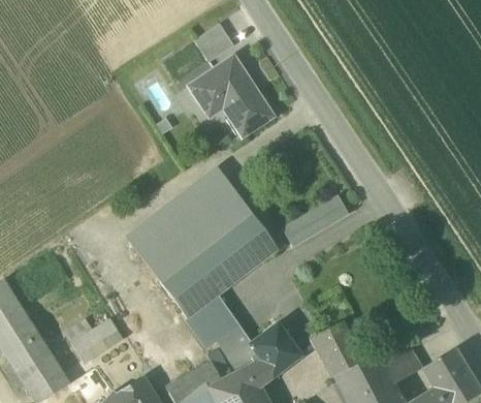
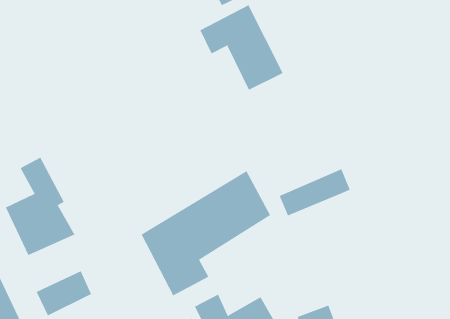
building: [132,173,251,280] -> none
building: none -> [5,157,75,256]
building: [197,311,238,347] -> none

